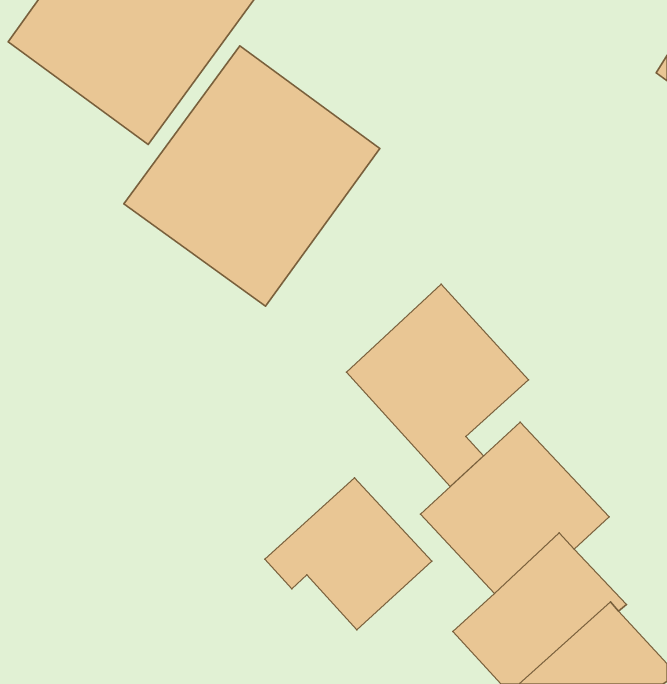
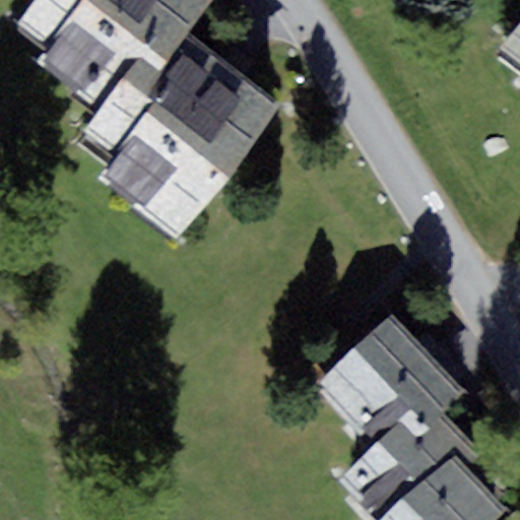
building: [347,284,529,487] -> none
building: [265,478,432,630] -> none

